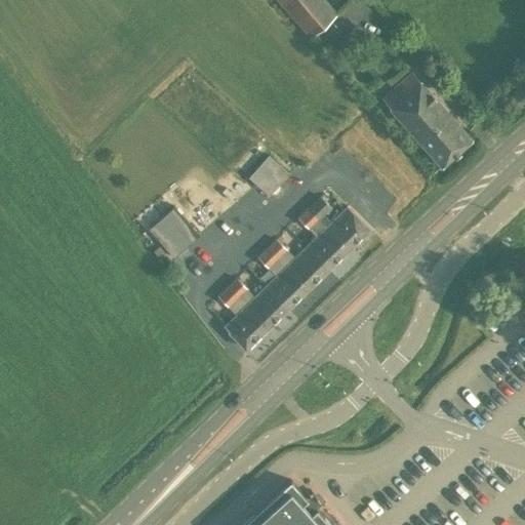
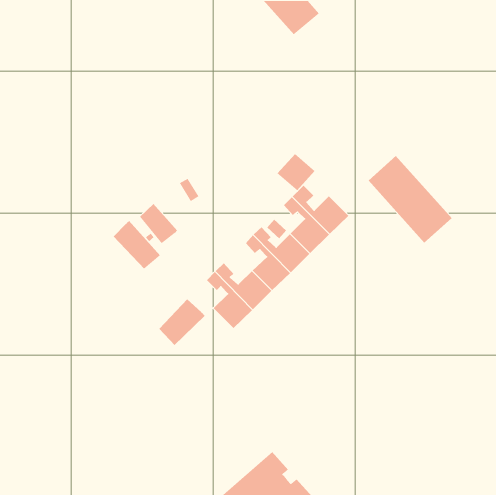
building: [383,74,473,167] -> [368,155,452,244]
building: [249,157,290,197] -> [277,153,316,191]
building: none -> [113,220,161,270]
building: none -> [159,299,205,346]

